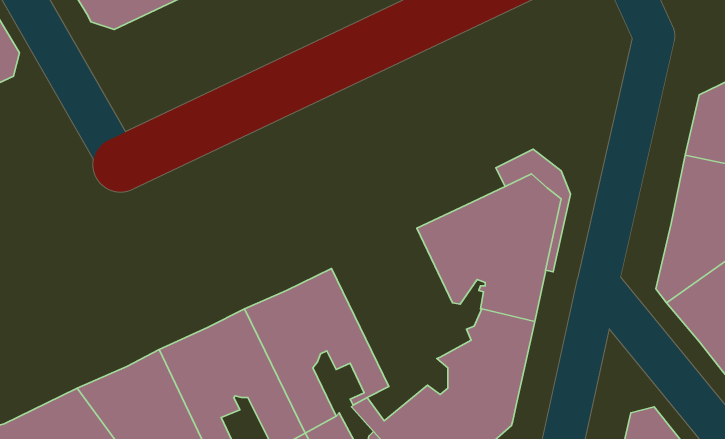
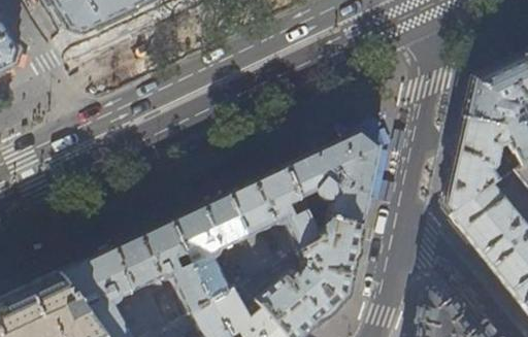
building: none -> [228,166,321,271]

